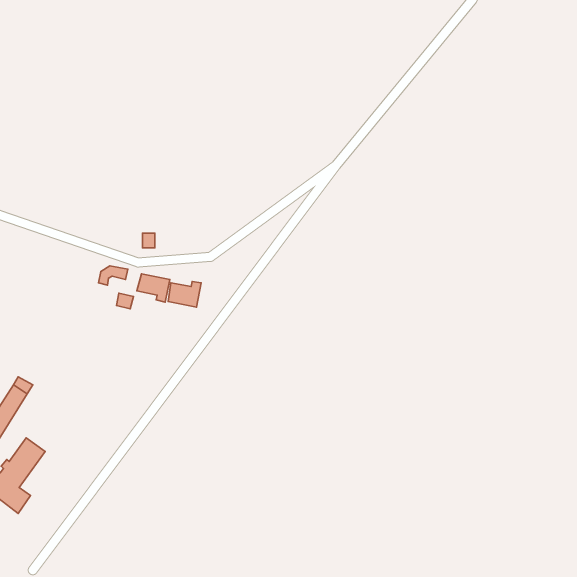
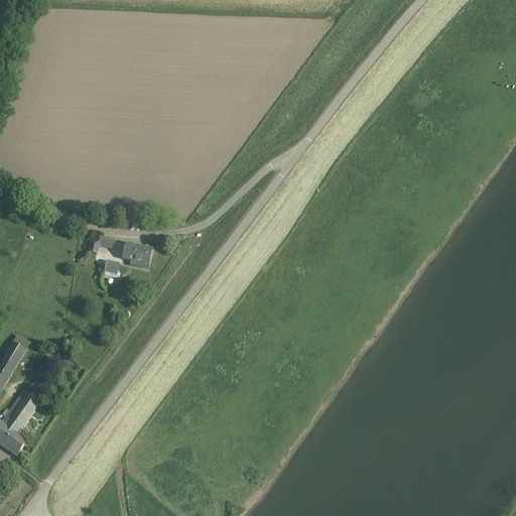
building: [168,281,201,307] -> none

